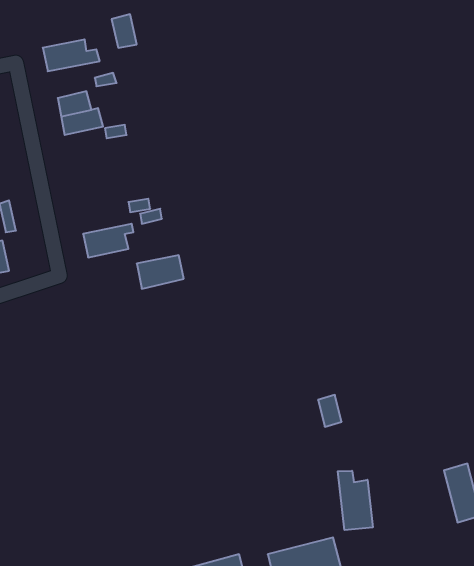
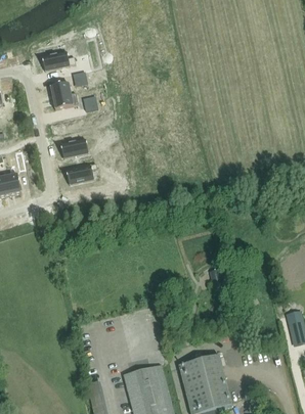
building: [137,255,184,289] -> [59,138,88,158]
building: [338,471,373,530] -> none

